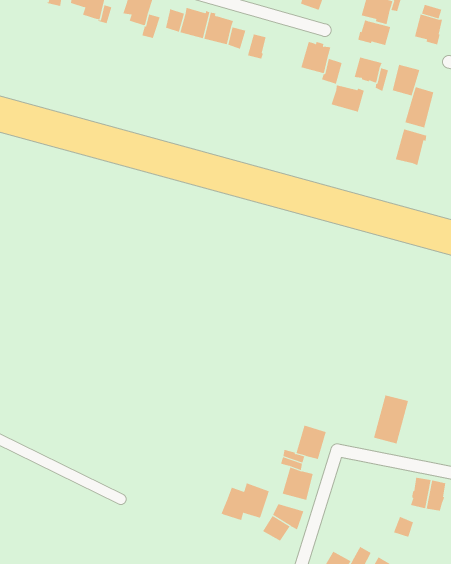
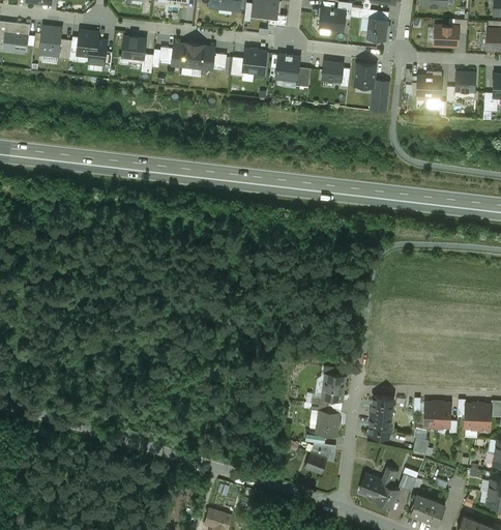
building: [357,20,391,46] -> none
building: none -> [242,51,265,77]
building: [331,84,365,112] -> none
building: [395,129,427,166] -> none
building: [373,395,409,444] -> [366,398,391,437]
building: [221,483,269,521] -> none

